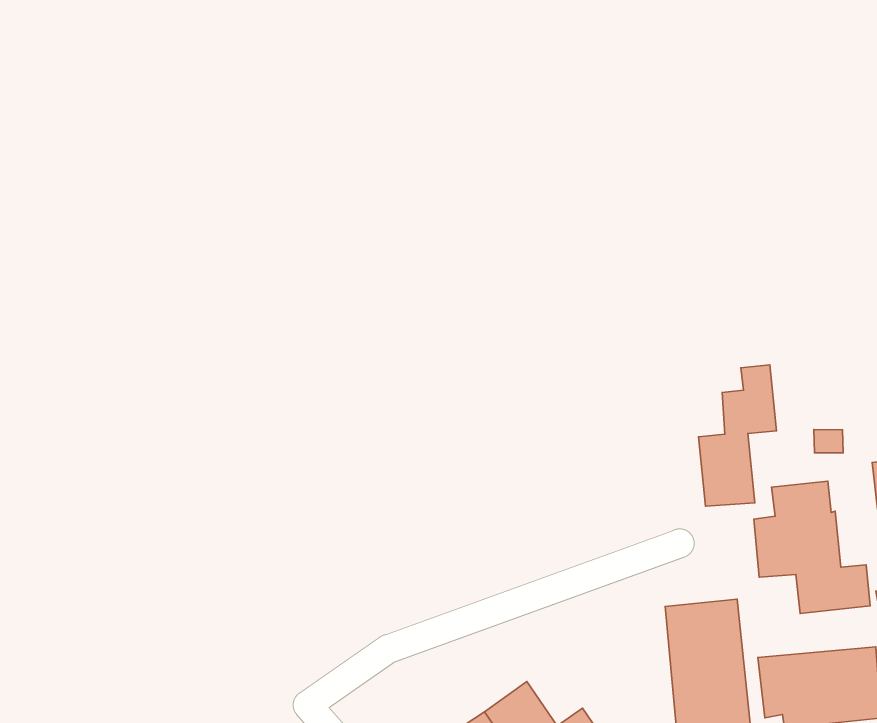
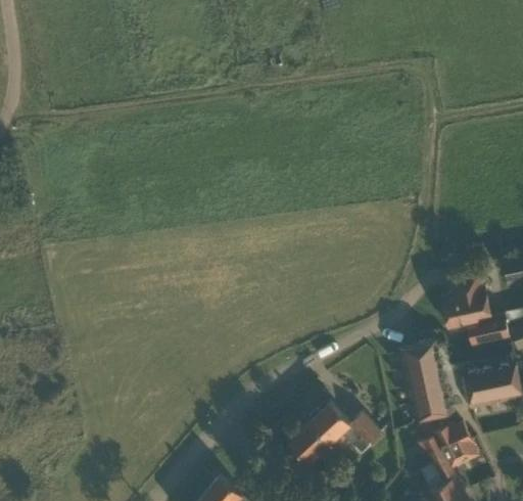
building: [698,365,777,506] -> none

